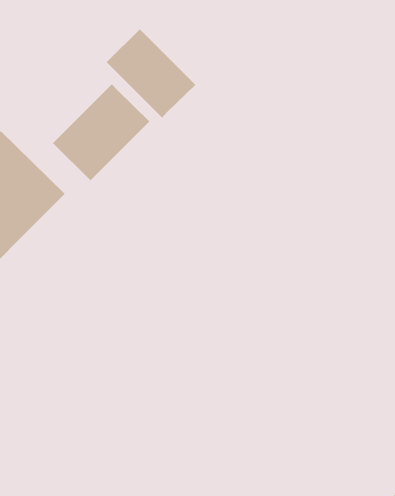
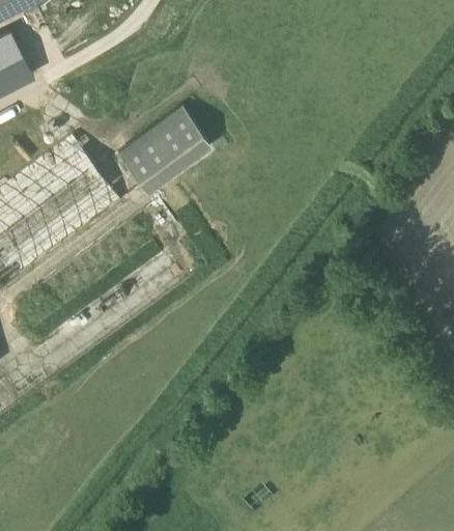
building: [106,28,196,118] -> none

